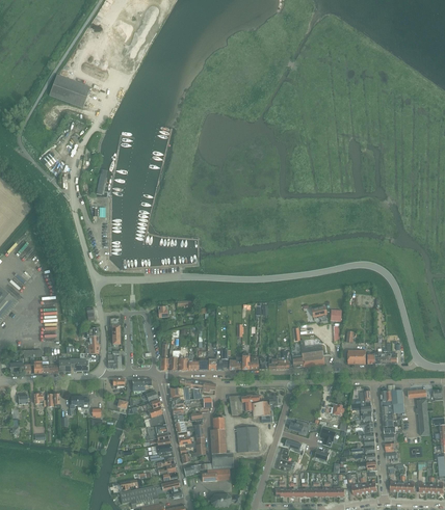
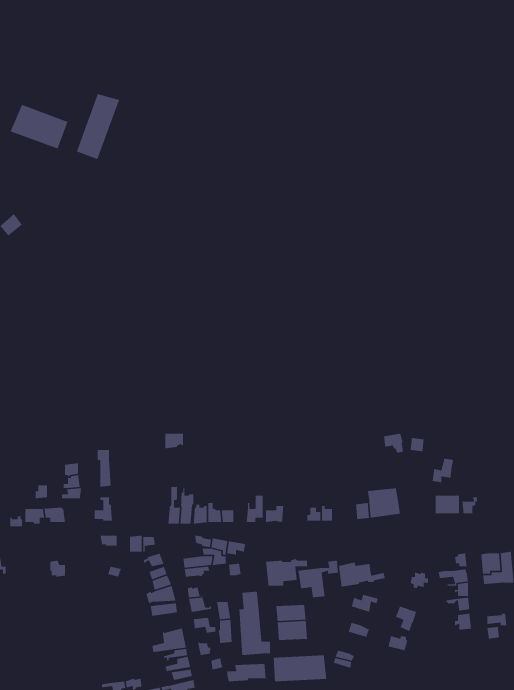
building: none -> [76,93,120,160]
building: none -> [338,561,386,588]
building: none -> [273,654,327,682]

